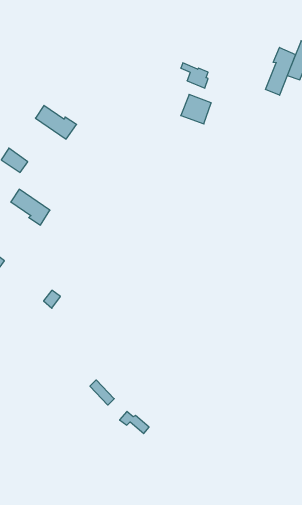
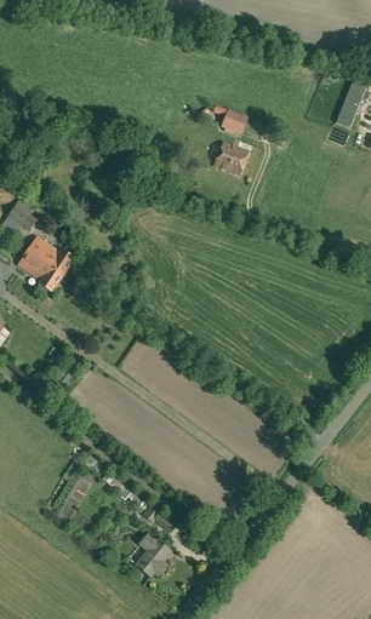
building: [266,47,296,95] -> none
building: [35,105,77,139] -> [27,236,74,275]
building: none -> [135,533,171,577]

